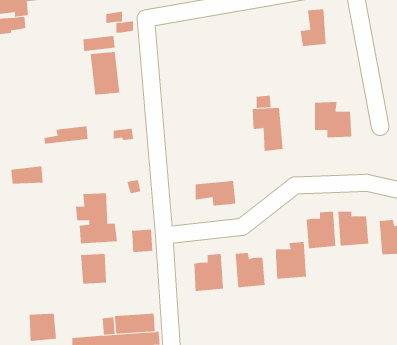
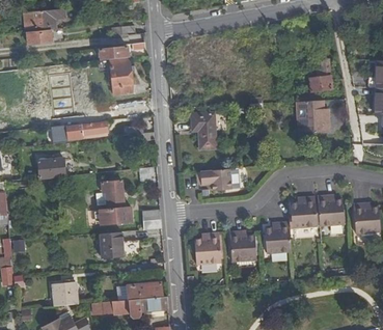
building: [300,9,327,47] -> [309,59,332,91]
building: [252,108,283,151] -> [190,113,217,150]

